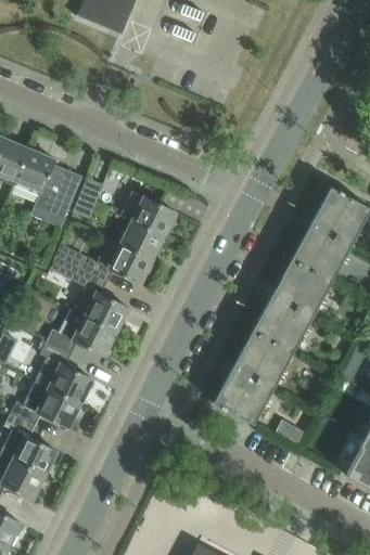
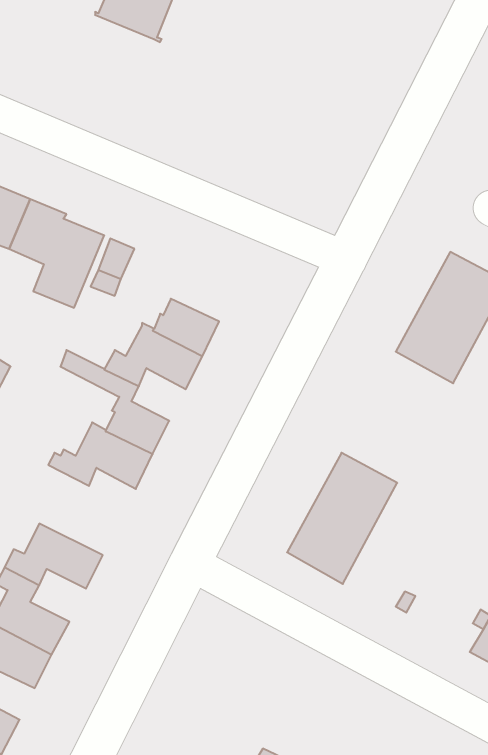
building: [119,191,176,236] -> none
building: [252,258,332,352] -> none
building: [35,339,92,404] -> none

